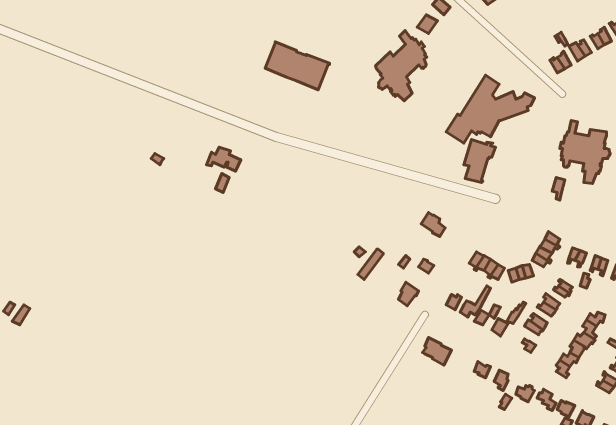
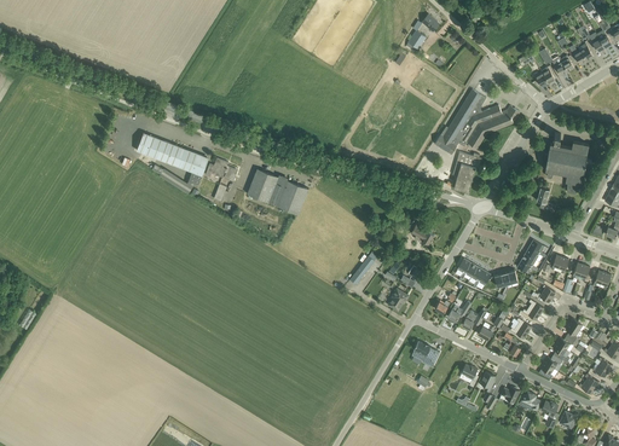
building: [375,31,427,101] -> none
building: [265,42,329,90] -> [248,168,310,214]
building: none -> [137,133,207,185]

